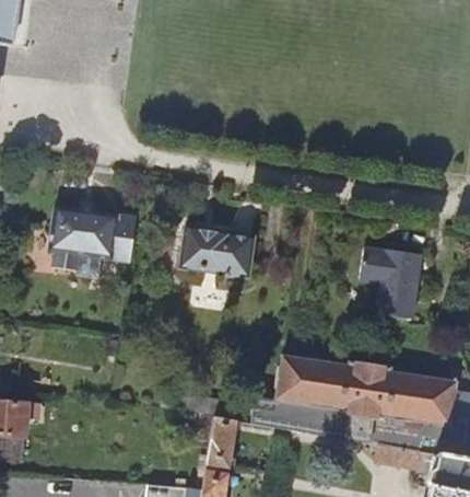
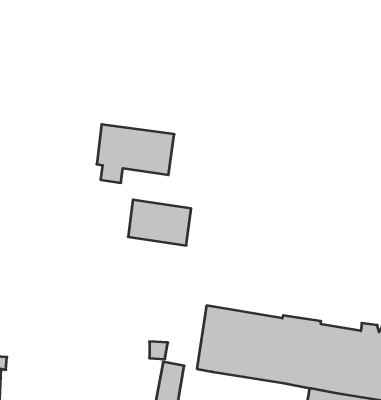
building: [48,208,136,274] -> [97,124,174,183]
building: [356,248,421,321] -> none

